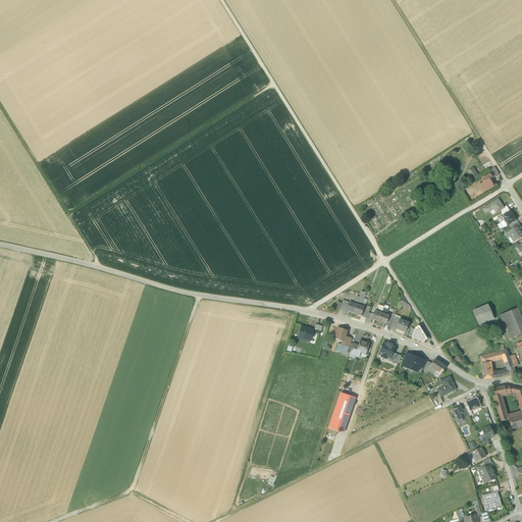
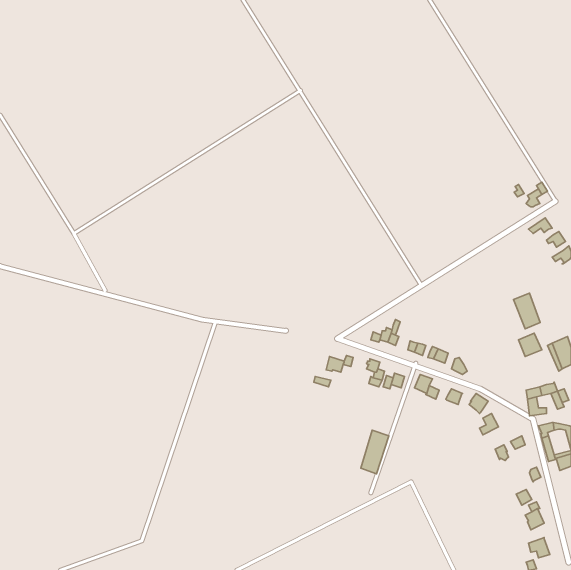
building: none -> [513,293,540,329]

